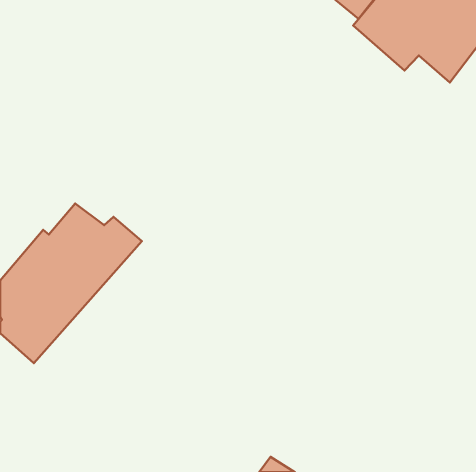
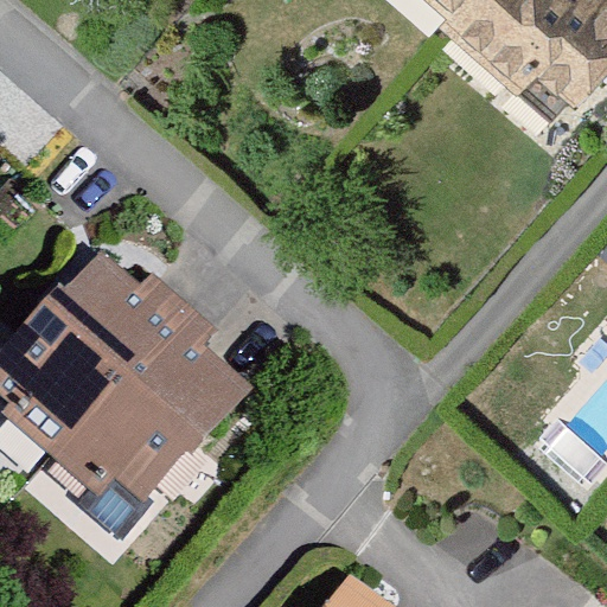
building: none -> [47,305,245,507]

